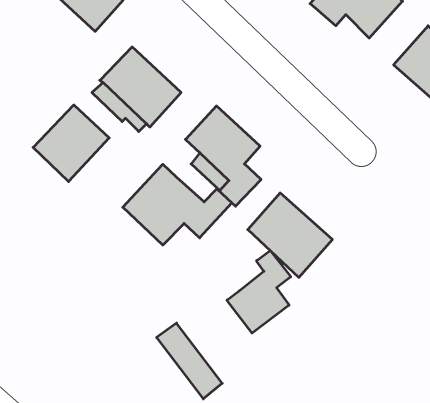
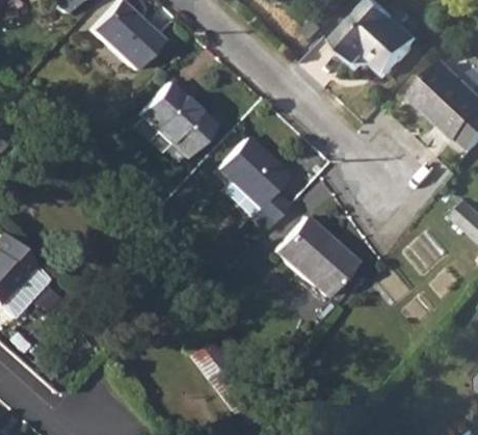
building: [33,105,109,182] -> none
building: [123,164,232,245] -> none
building: [227,250,291,333] -> none

